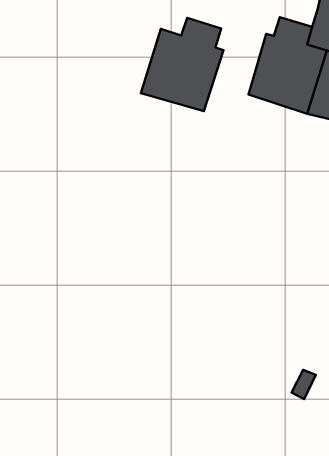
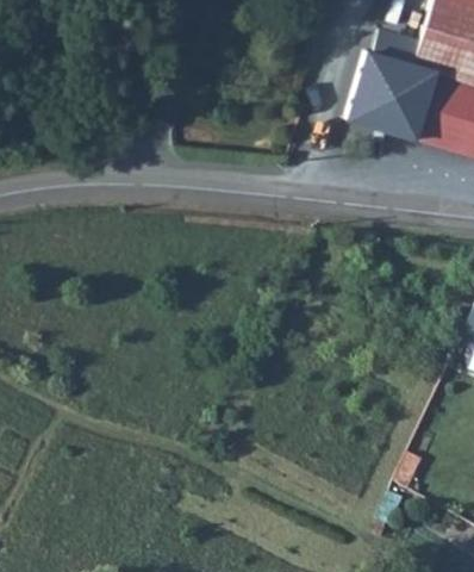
building: [141,18,224,111] -> none

